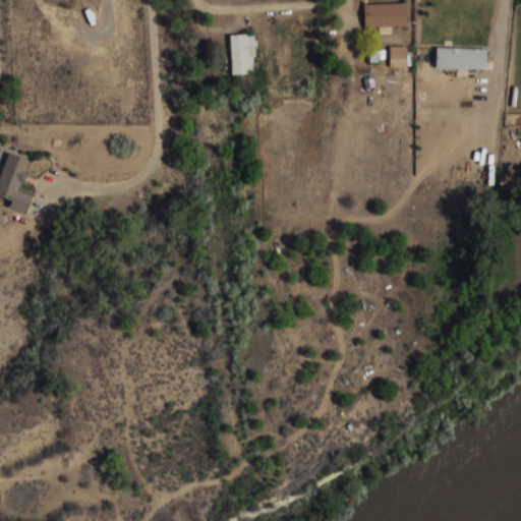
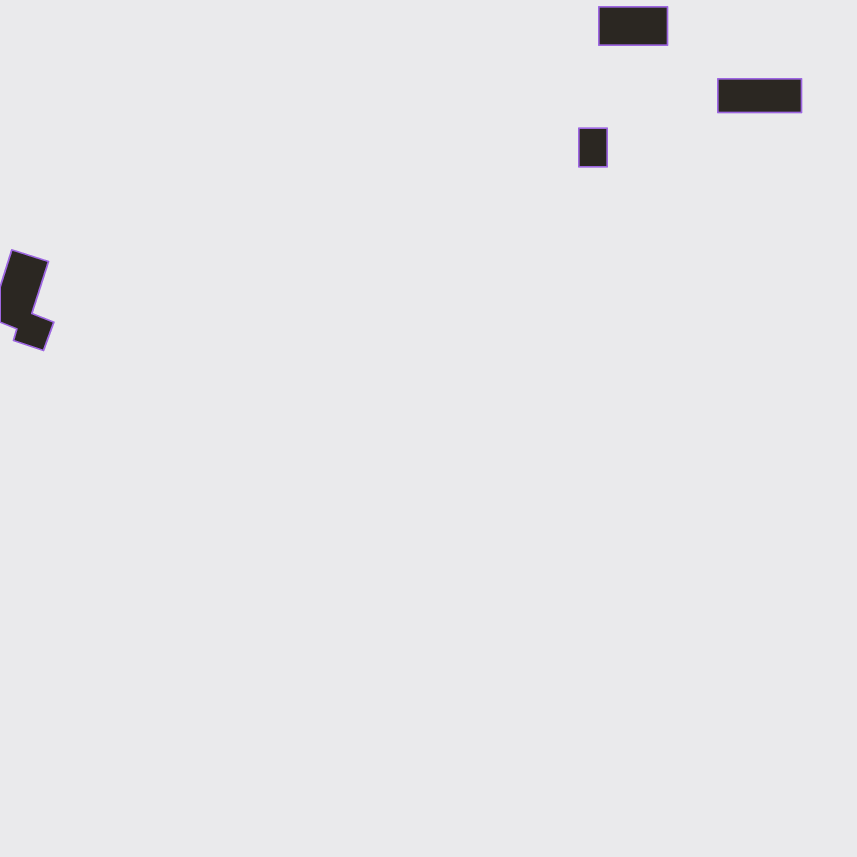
building: [230,35,254,73] -> none
building: [389,45,406,68] -> [579,128,607,167]

